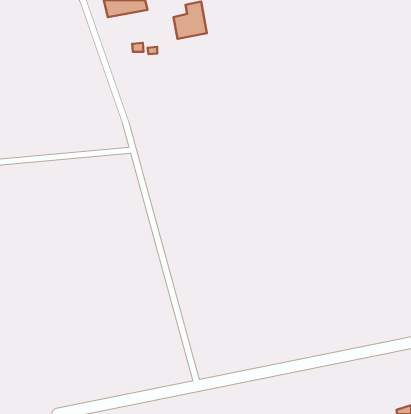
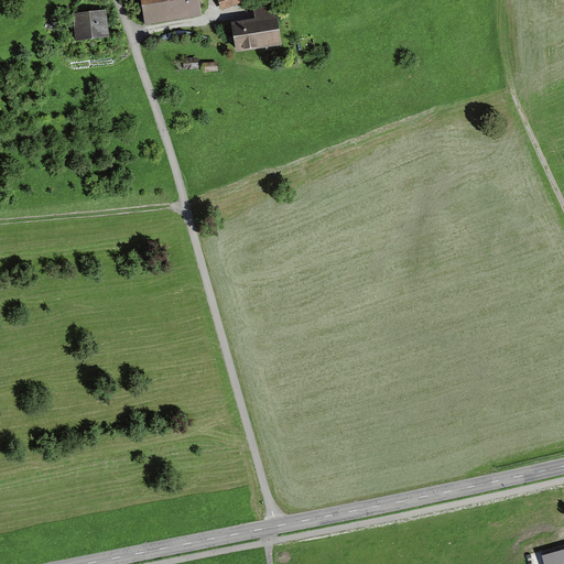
building: none -> [74,11,109,42]

